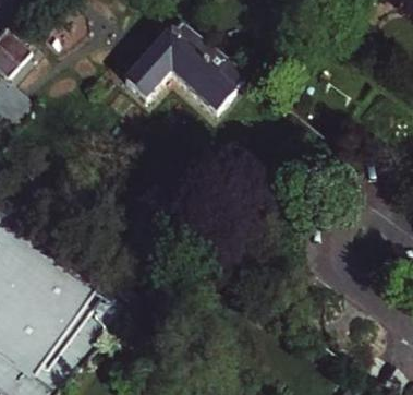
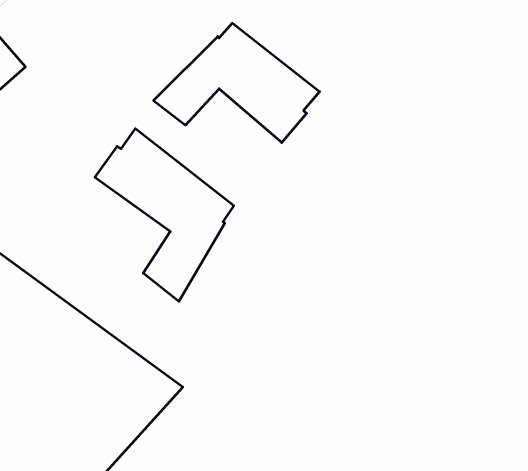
building: none -> [95,129,234,301]

